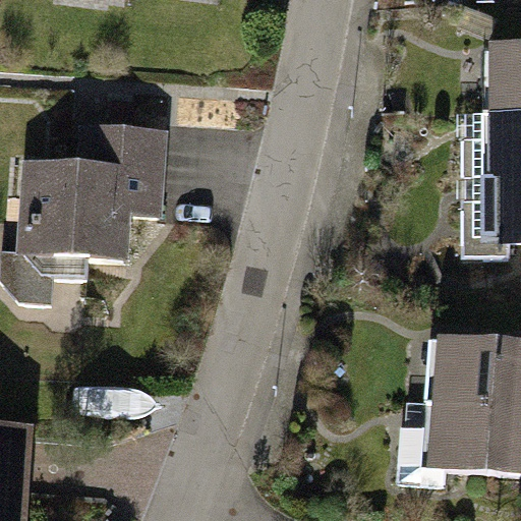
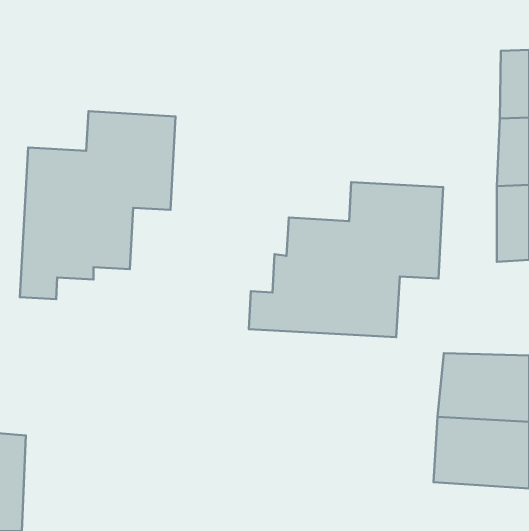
building: none -> [249,182,443,337]

